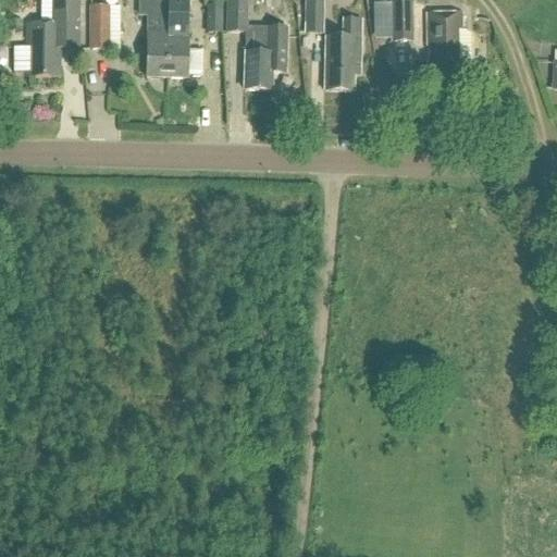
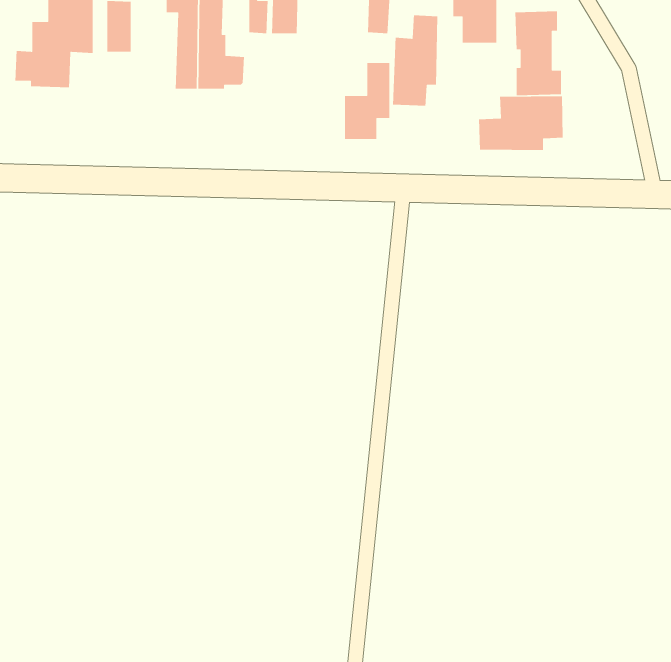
building: [246,23,284,87] -> [344,62,390,140]
building: none -> [478,95,563,151]

